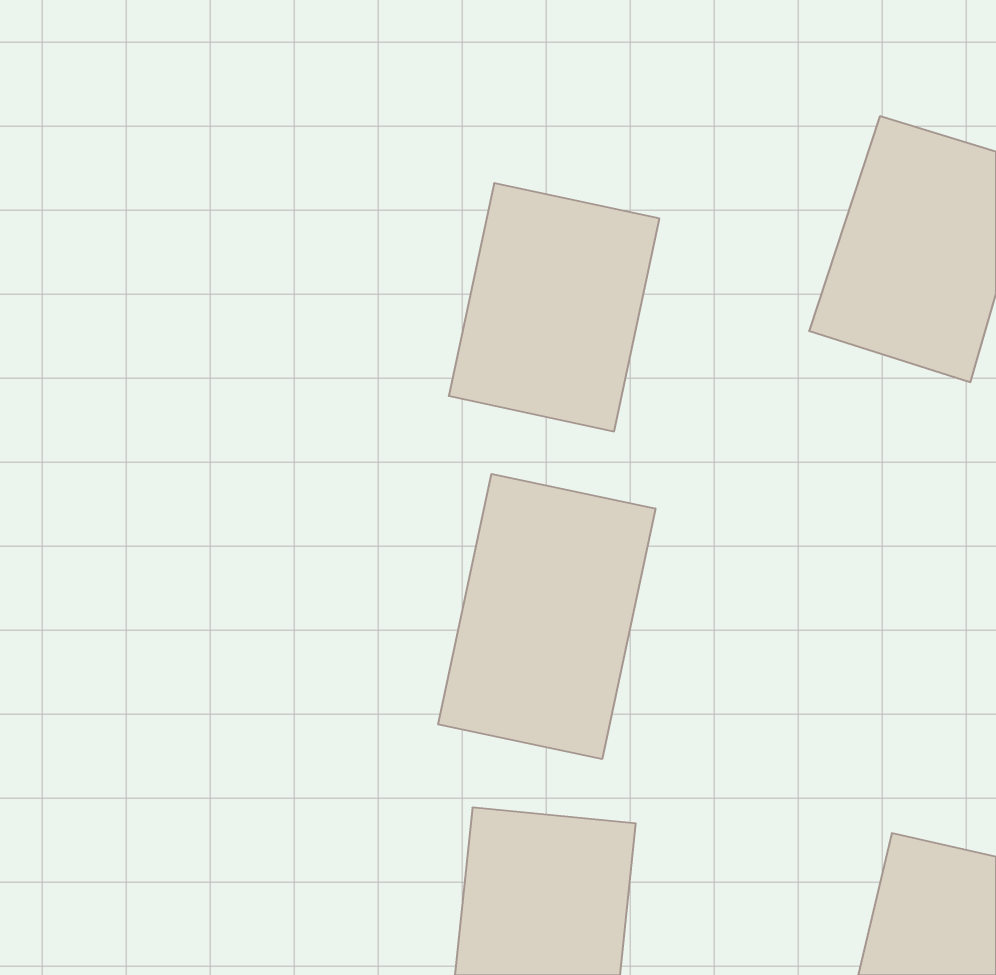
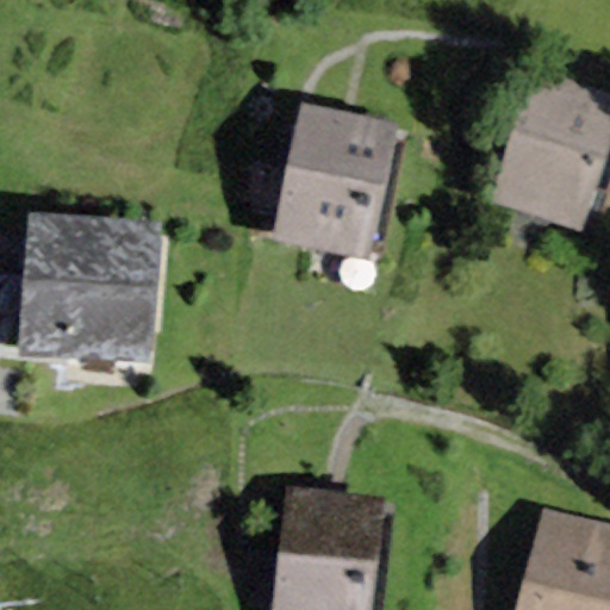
building: none -> [20,222,157,367]
building: [438,474,655,759] -> none

